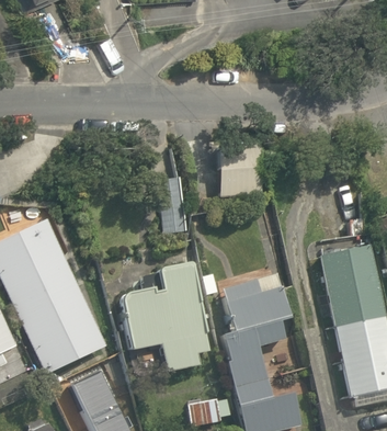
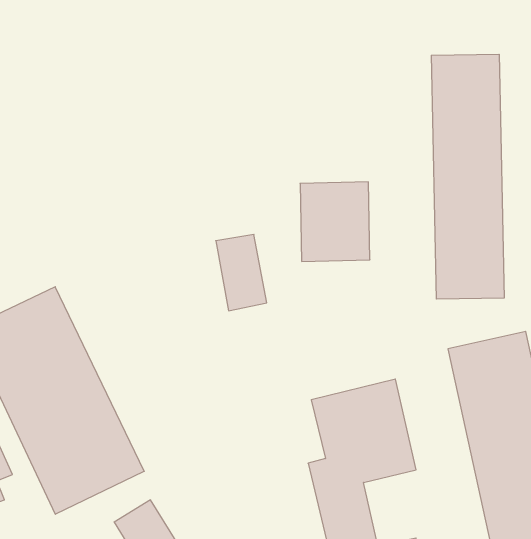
building: none -> [431,54,504,299]
building: [116,262,208,375] -> none

